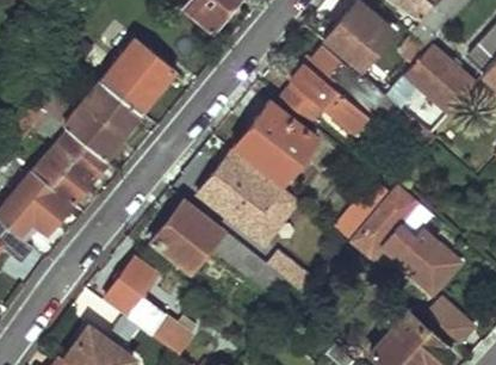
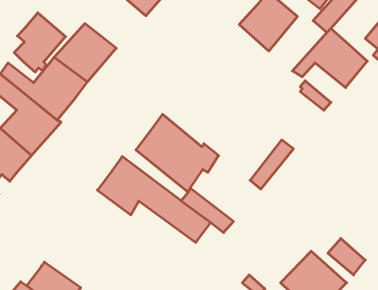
building: none -> [14,13,66,72]
building: [281,47,384,131] -> none
building: [236,101,317,181] -> none
building: [353,184,461,296] -> none
building: [107,256,186,352] -> none

